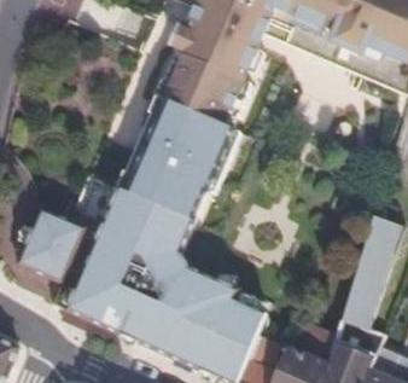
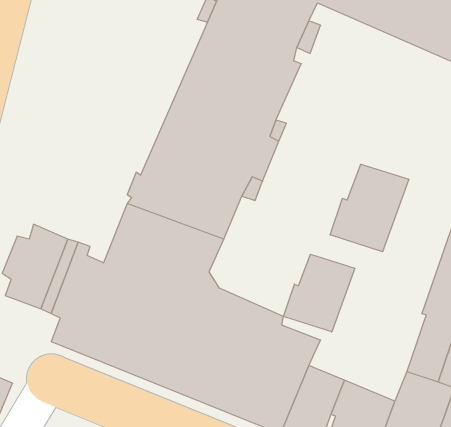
building: none -> [330,164,409,252]
building: none -> [283,254,355,332]

